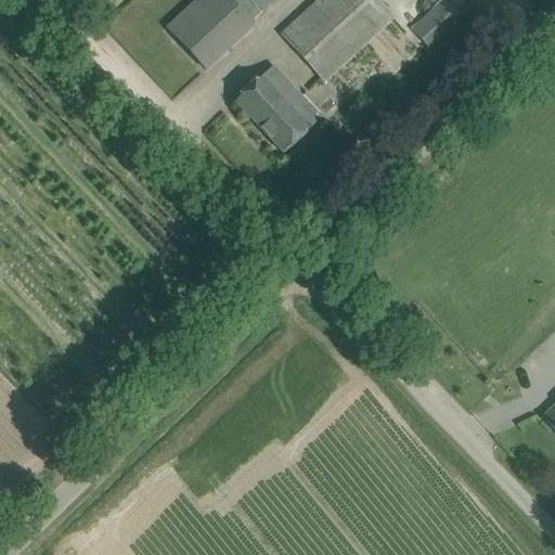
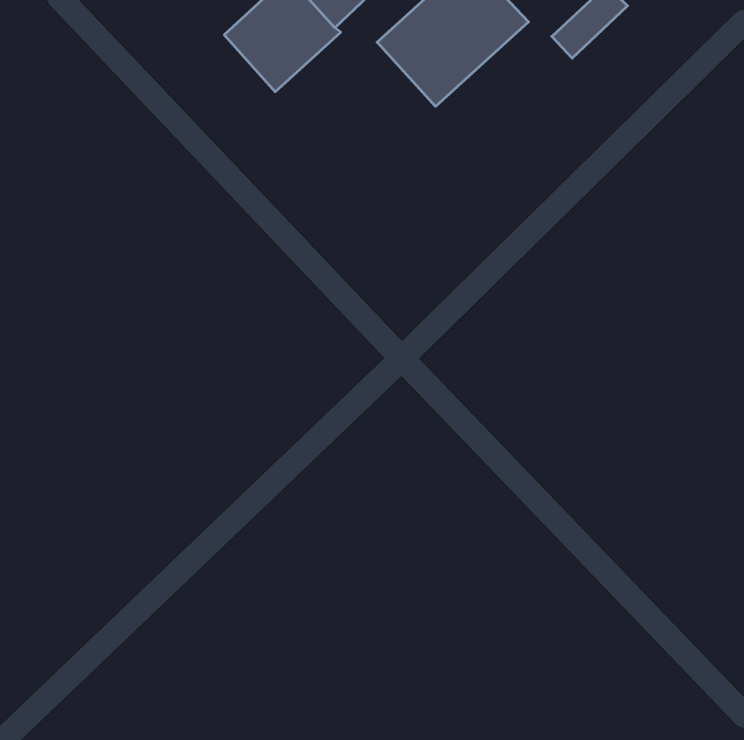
building: [235,64,321,151] -> none

